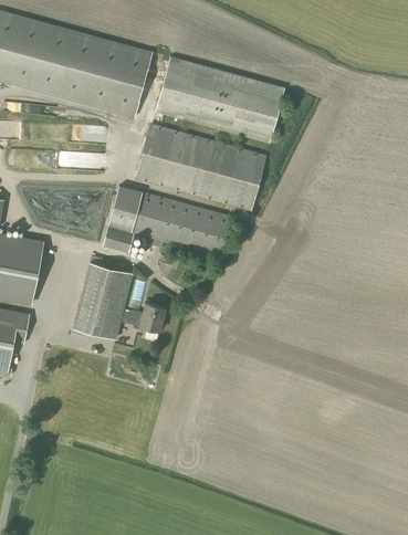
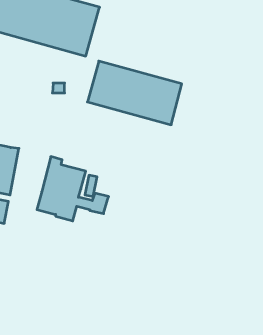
building: [156,56,285,143] -> none
building: [104,185,232,256] -> none

